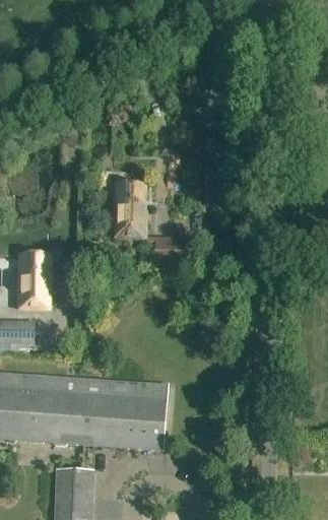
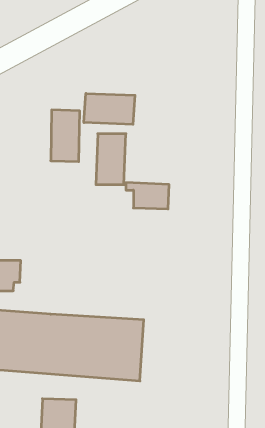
building: none -> [84,93,135,124]
building: [17,253,49,309] -> [51,110,80,162]

